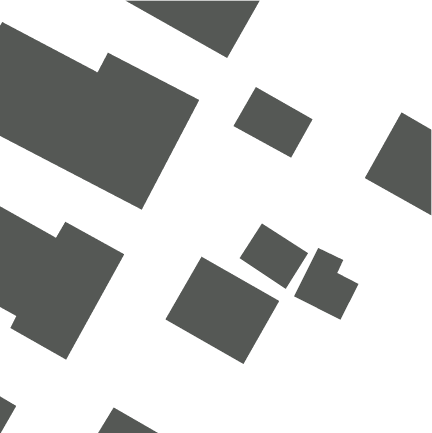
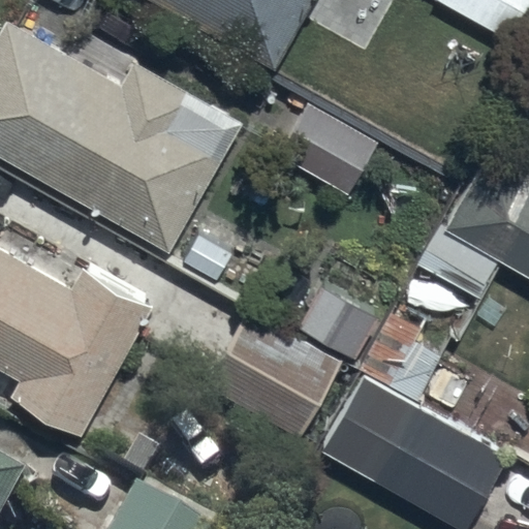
building: none -> [318,368,503,522]

